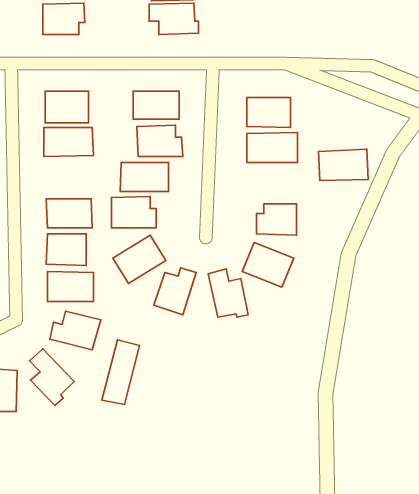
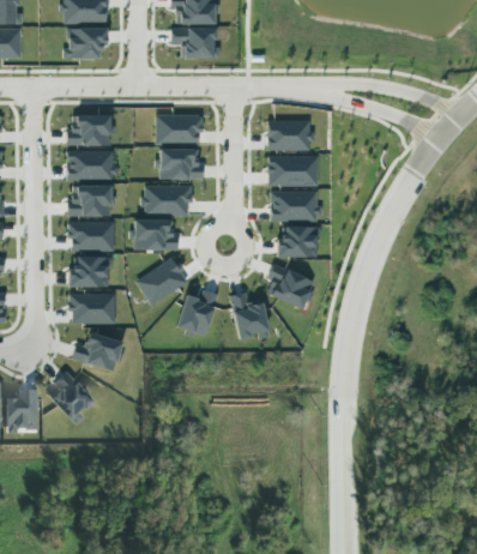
building: [319,149,368,181] -> [271,191,320,222]
building: none -> [70,186,111,217]
building: [102,340,140,404] -> none

